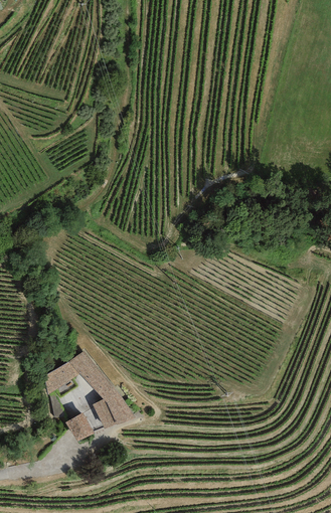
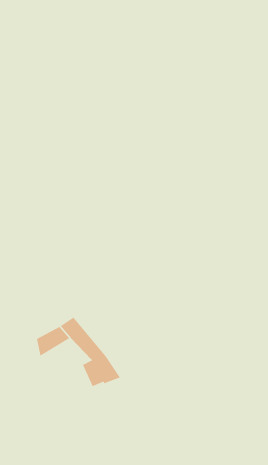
building: [64,411,94,439] -> none

